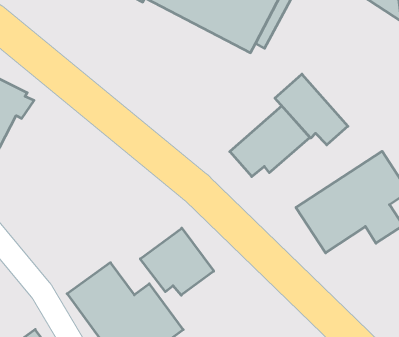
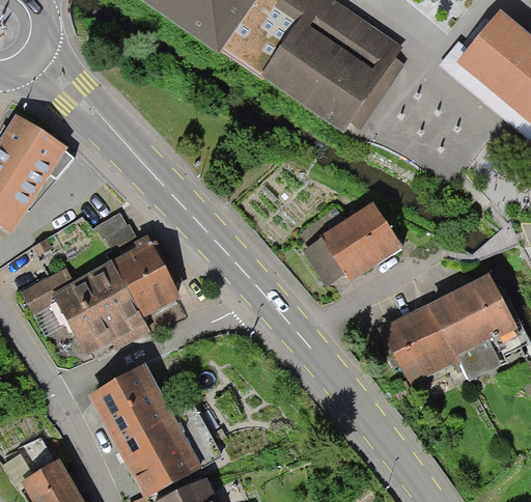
building: [275,74,348,145] -> none
building: none -> [23,213,180,359]
building: [140,228,214,295] -> none

